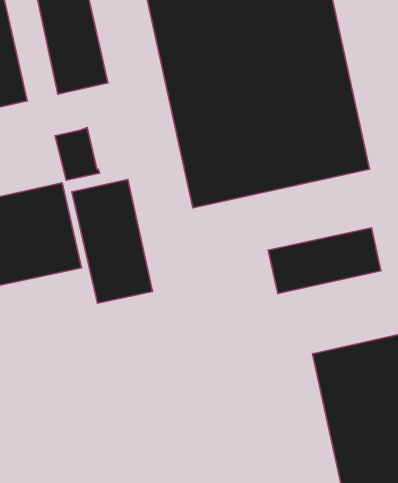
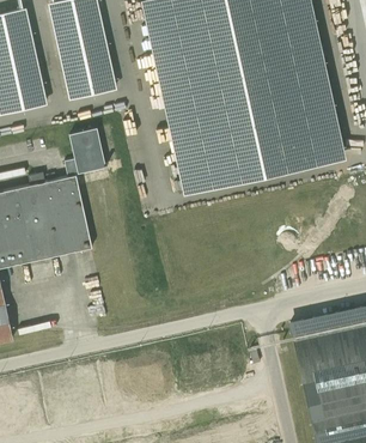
building: [72,179,152,303] -> none
building: [268,228,381,293] -> none

